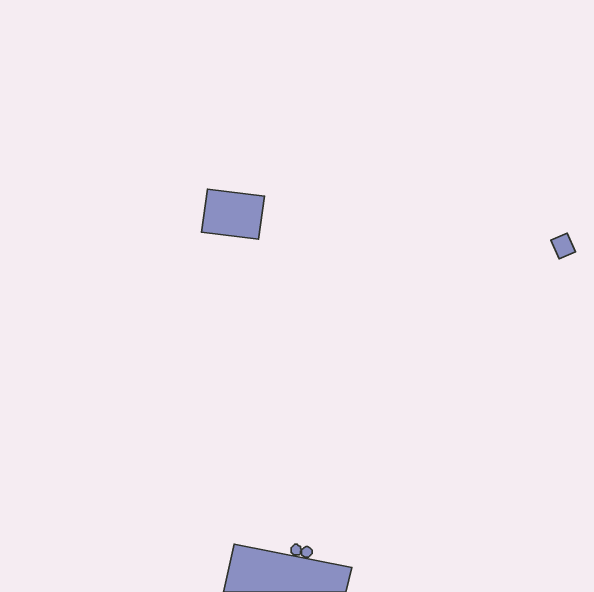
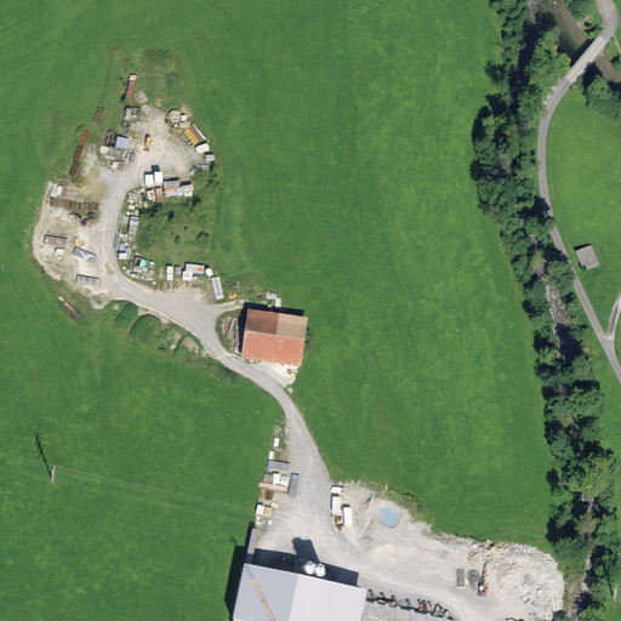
building: [202,189,264,239] -> [240,312,306,364]

